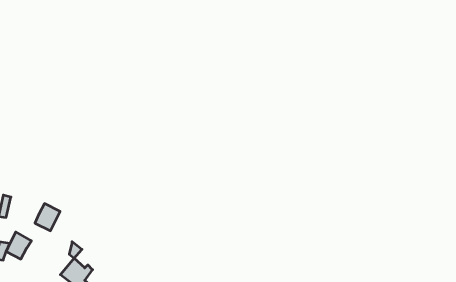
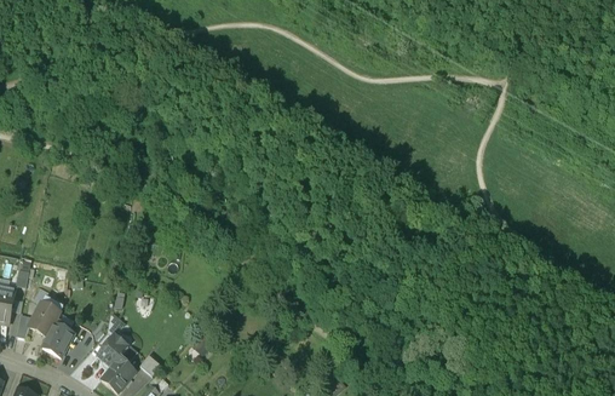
building: [35,204,60,231] -> [42,321,74,355]

